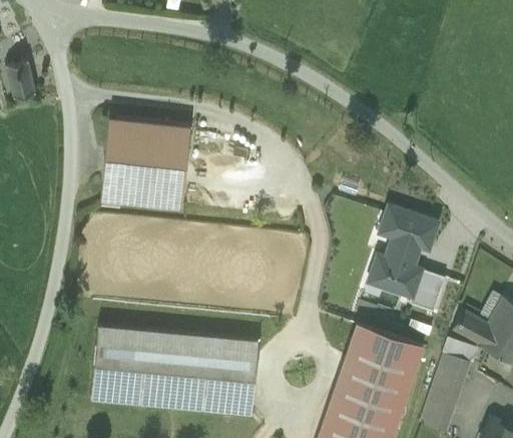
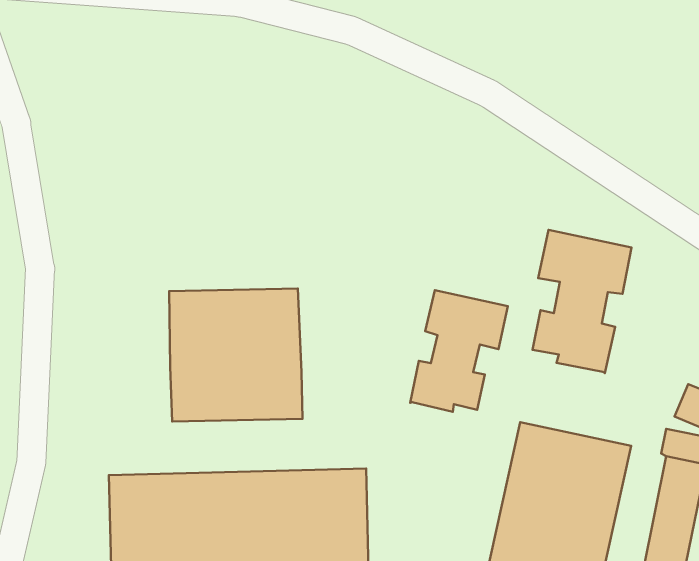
building: [102,117,190,206] -> [169,289,302,422]
building: none -> [410,290,508,412]
building: [411,271,447,312] -> none

